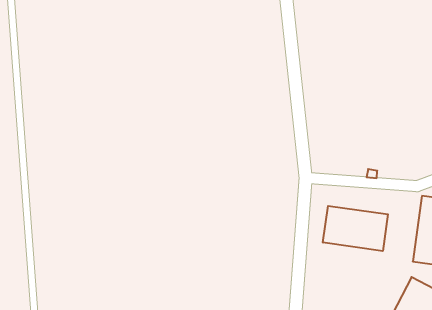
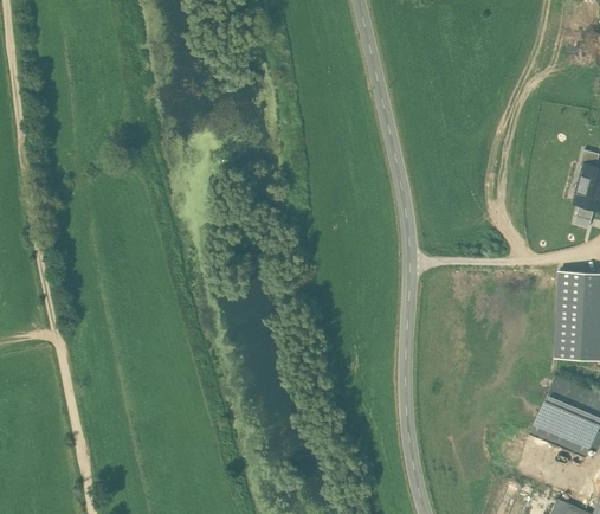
building: [323,206,388,251] -> none

